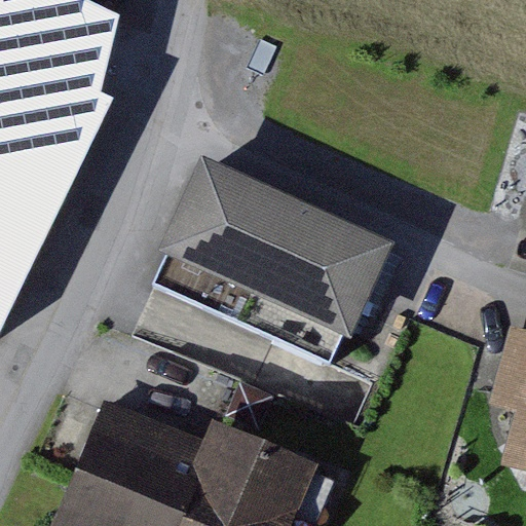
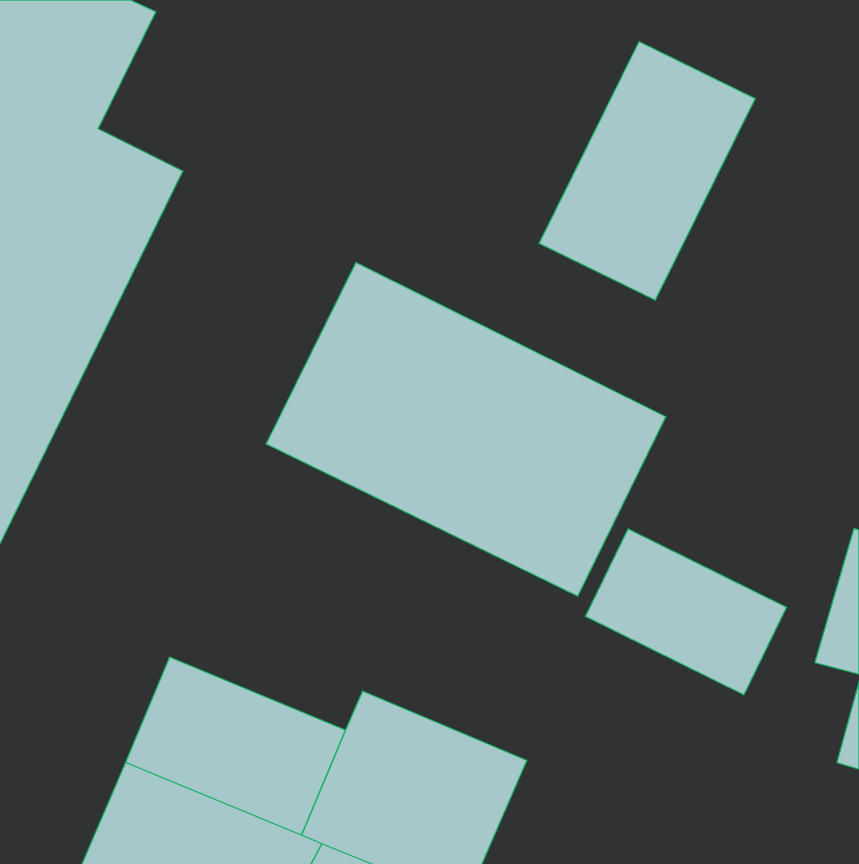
building: none -> [539,42,755,300]
building: none -> [585,529,787,695]

